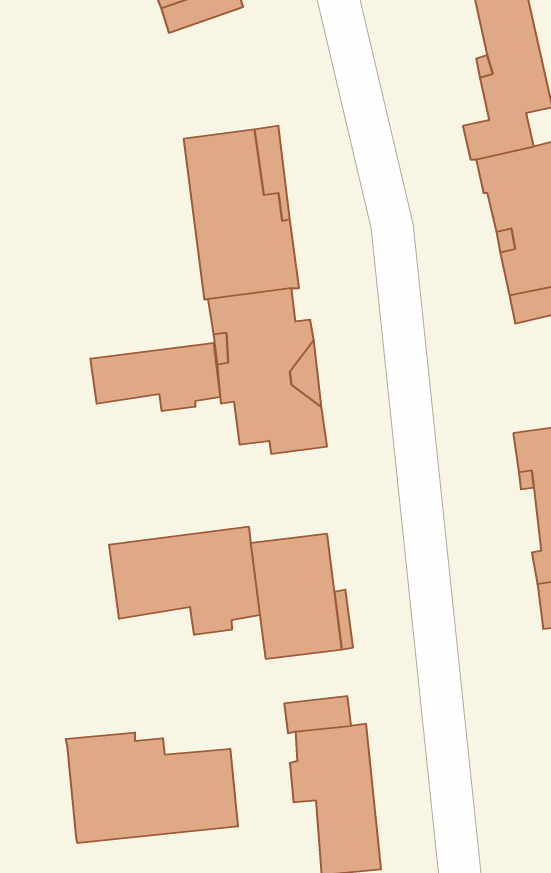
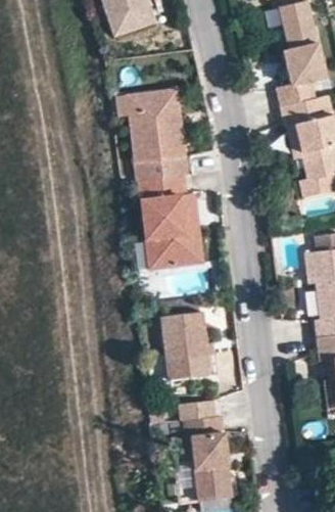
building: [91,343,220,411] -> none
building: [109,527,260,635] -> none
building: [66,732,238,843] -> none

